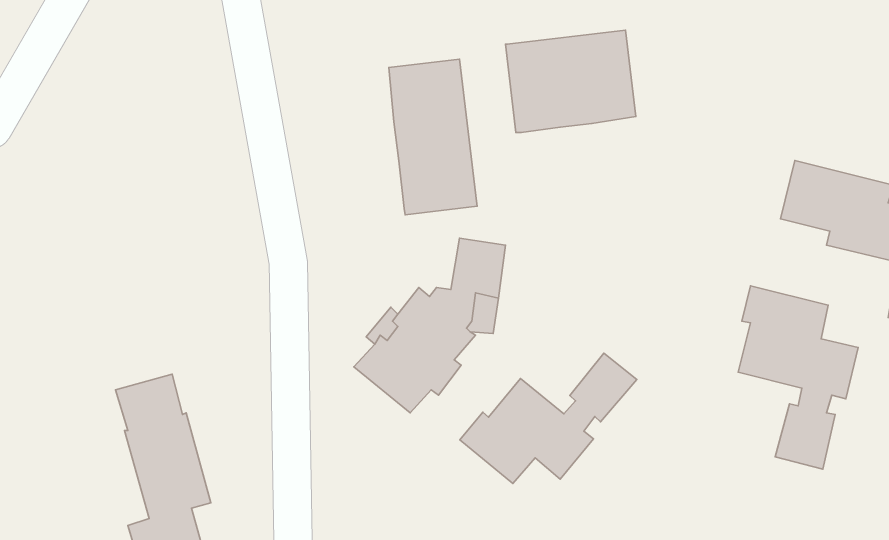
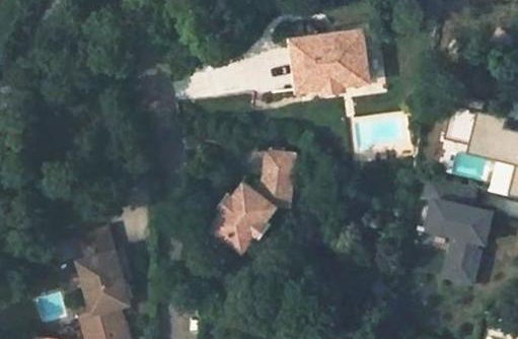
building: [389,59,477,215] -> none
building: [460,353,637,483] -> none

